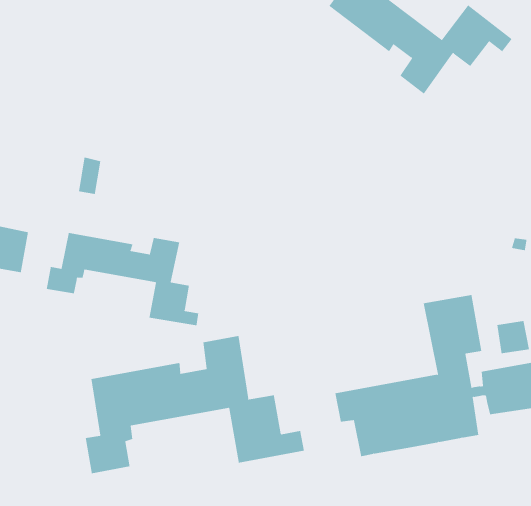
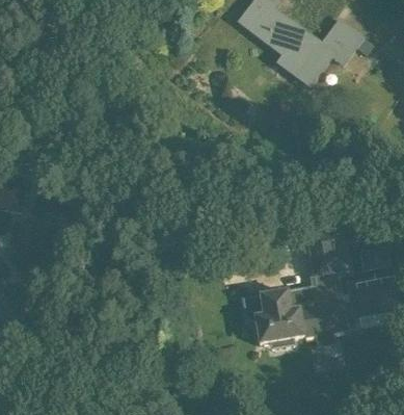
building: [46,232,199,326] -> none
building: [85,335,304,474] -> none

